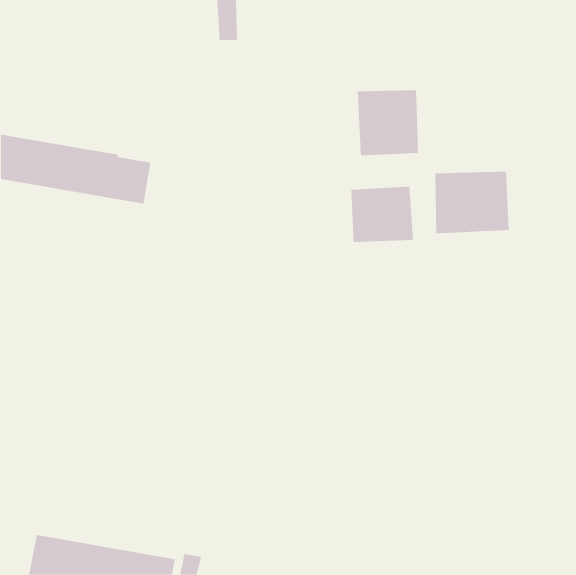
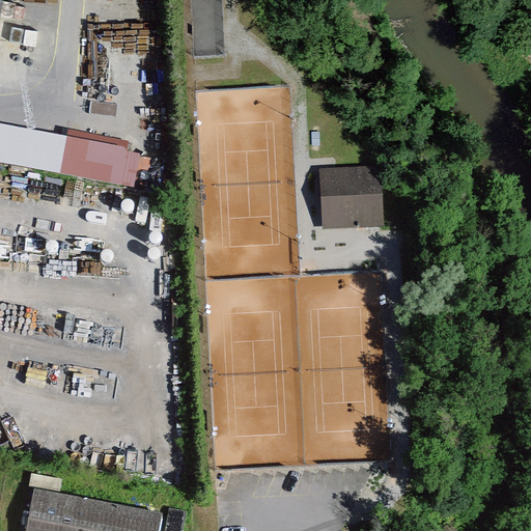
building: [357,89,418,156] -> none
building: [435,171,509,234] -> none

